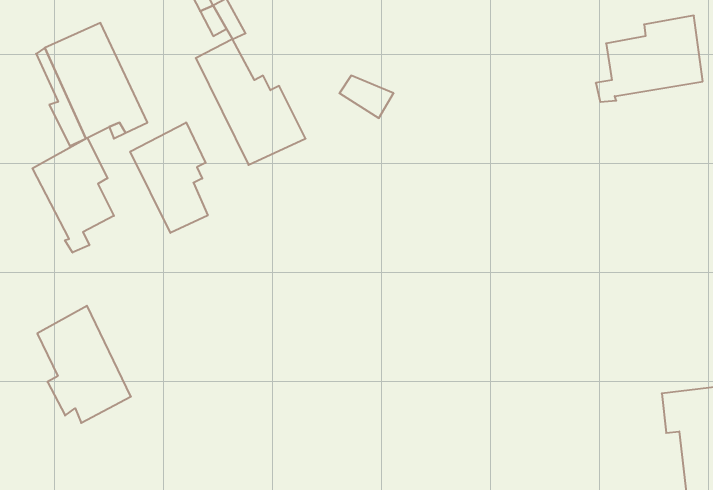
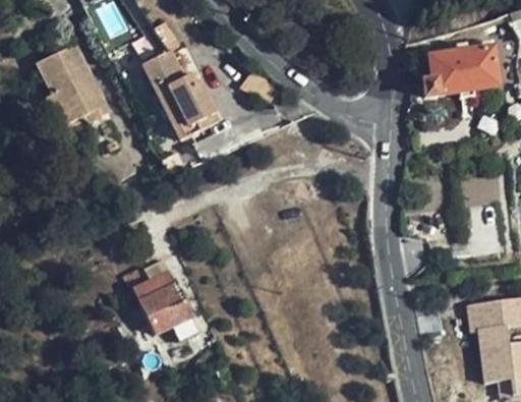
building: [130,122,208,233] -> none
building: [32,138,114,253] -> none
building: [37,306,131,423] -> [126,252,191,334]

